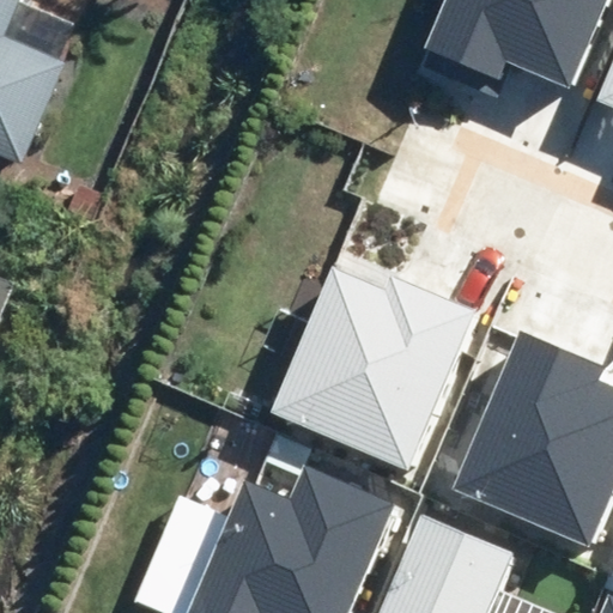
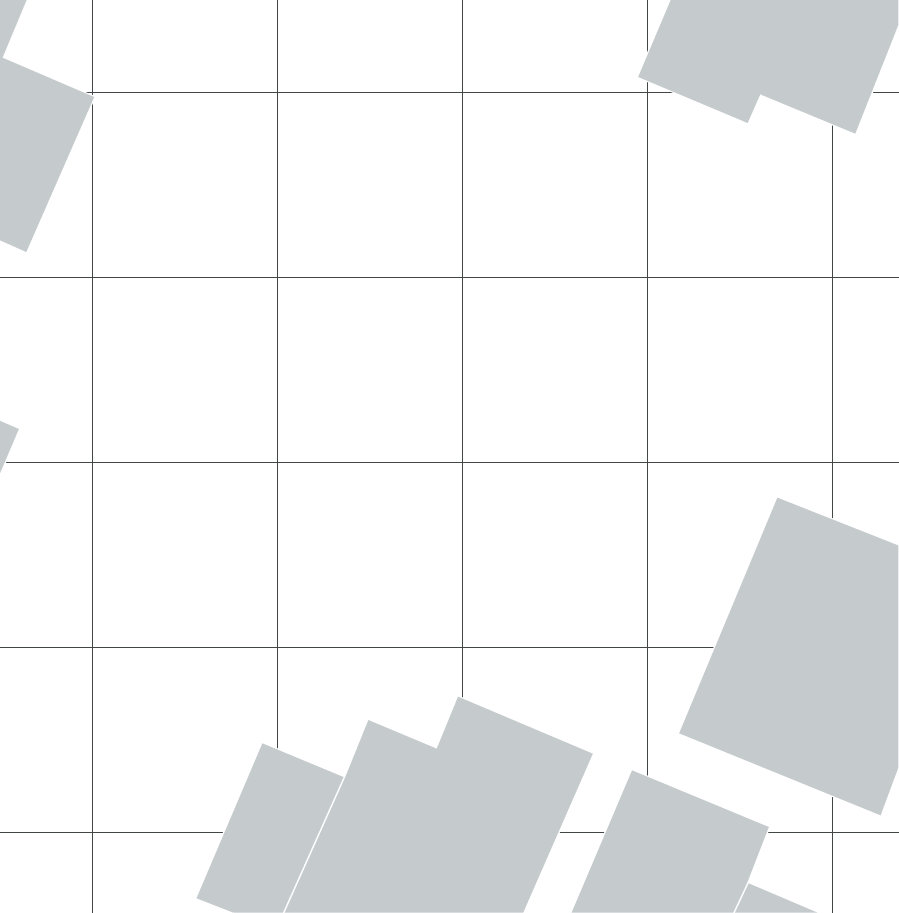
building: [272,267,477,472] -> none

